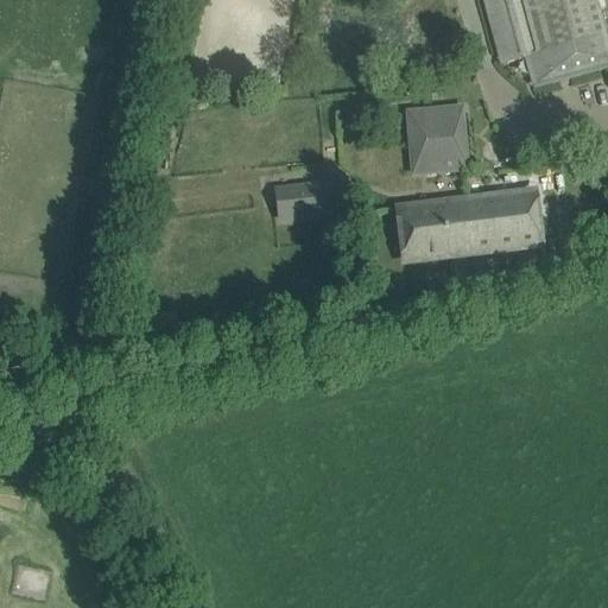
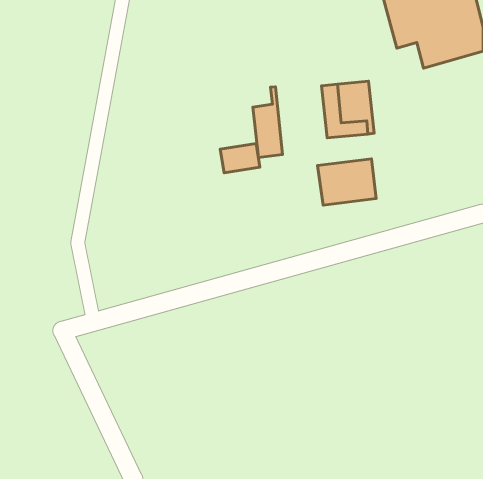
building: none -> [253,87,282,157]
building: [467,191,539,249] -> none

